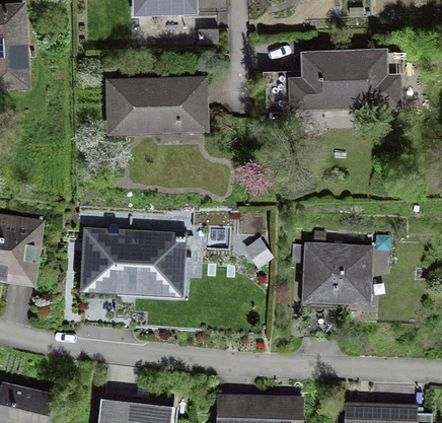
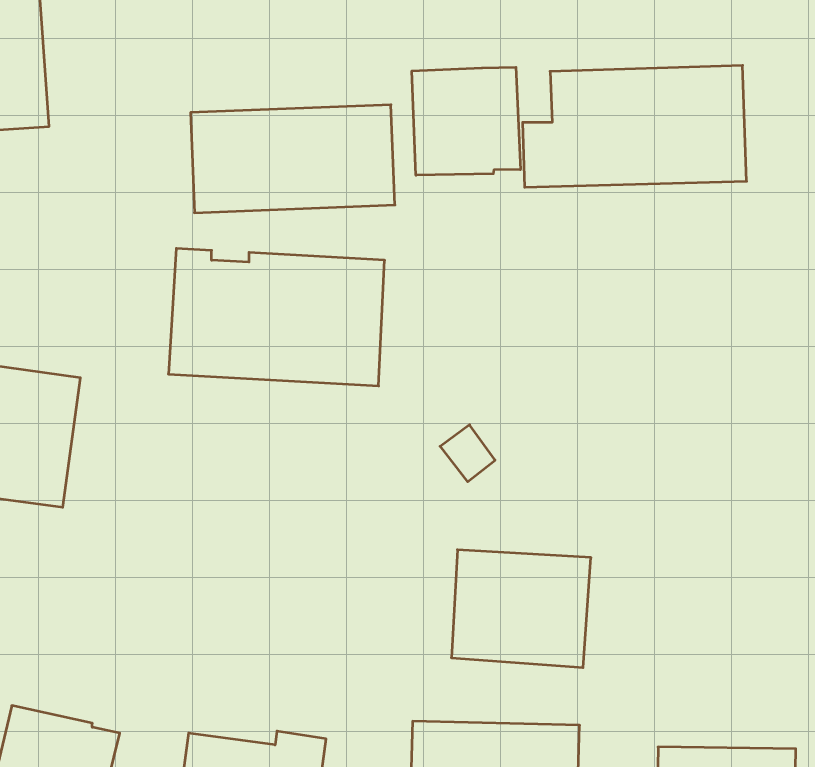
building: none -> [412,67,520,175]
building: [78,223,190,294] -> [168,248,385,386]
building: [303,241,375,302] -> [451,550,591,668]

